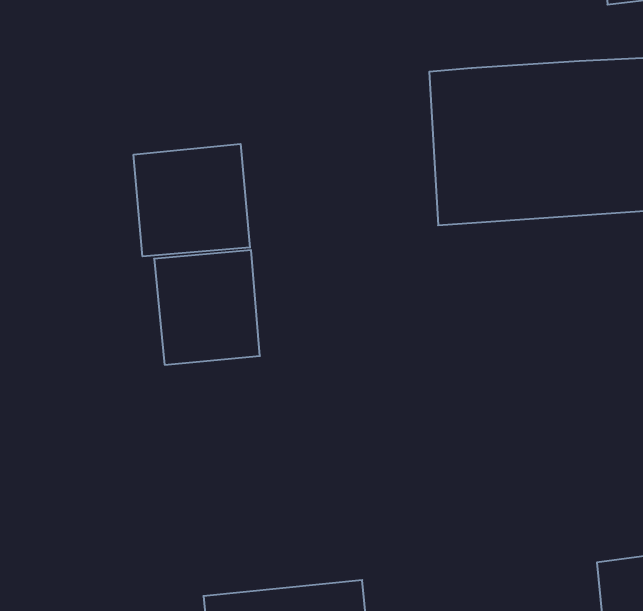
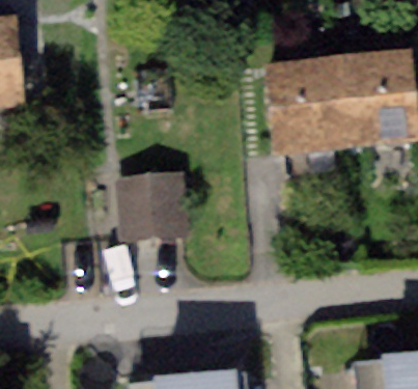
building: [134,144,250,256] -> none

